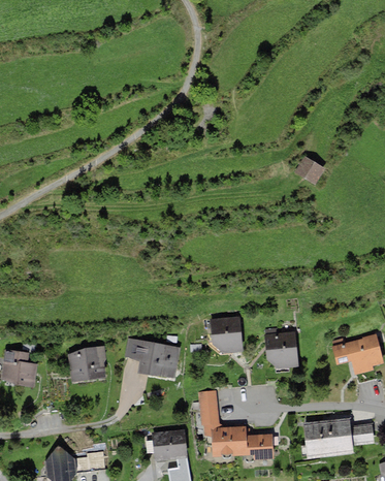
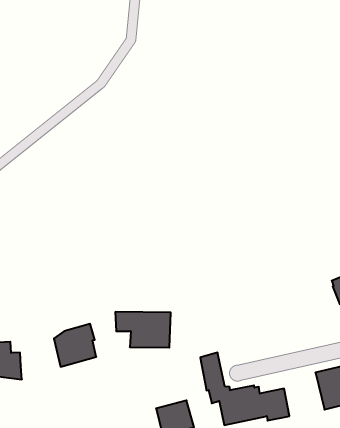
building: [292,158,319,185] -> none
building: [211,317,242,351] -> none
building: [264,332,296,366] -> none

